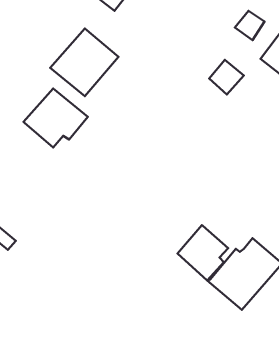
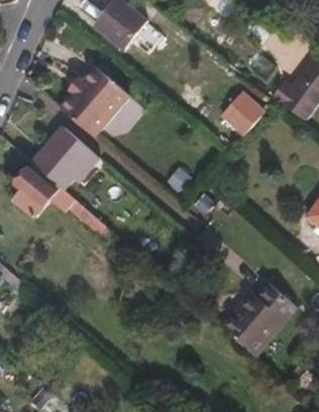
building: none -> [15,164,110,239]
building: [178,225,228,280] -> none

